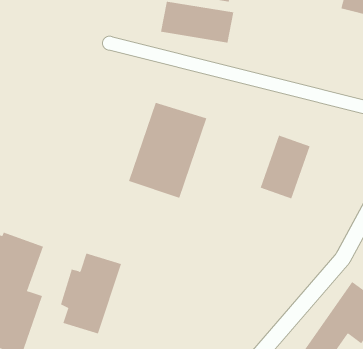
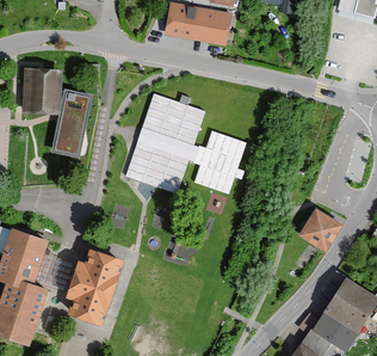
building: none -> [21,68,99,160]
building: [260,135,310,199] -> [197,136,246,198]
building: none -> [297,207,340,250]

